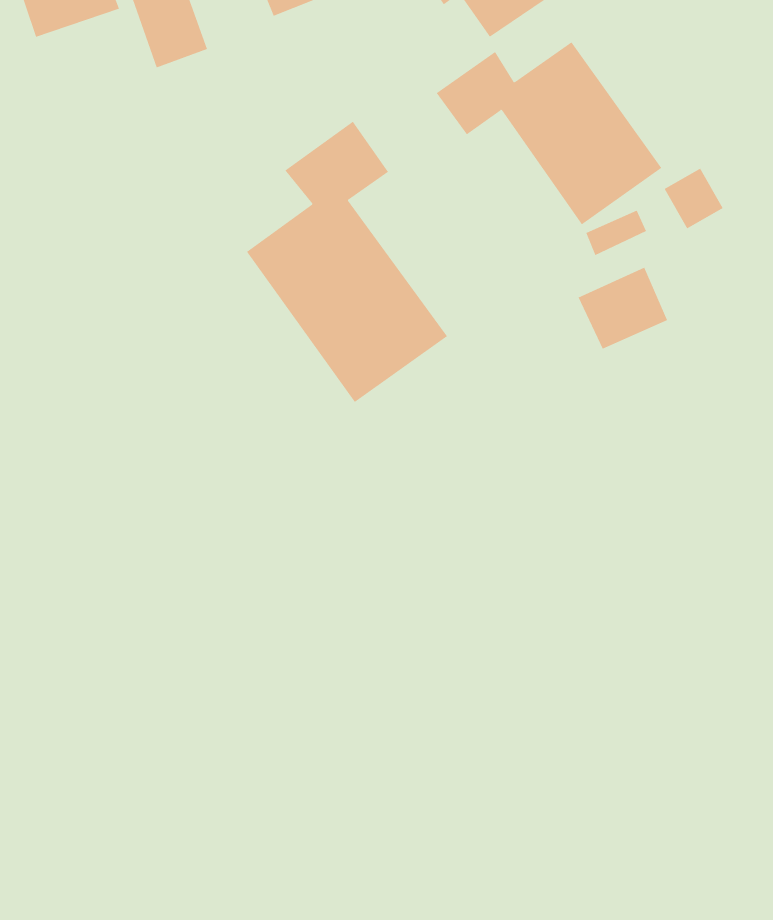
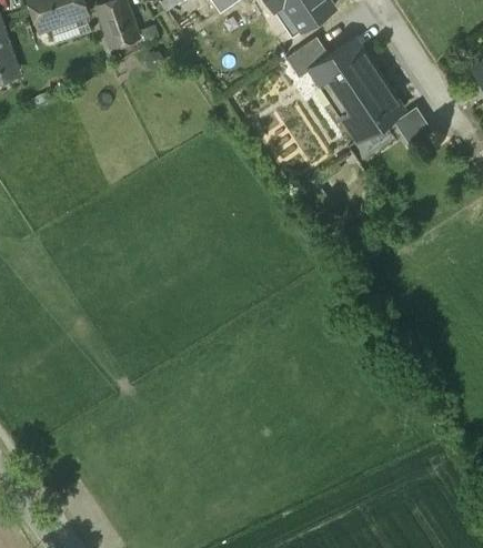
building: [246,121,448,403] -> none
building: [578,267,668,349] -> none

